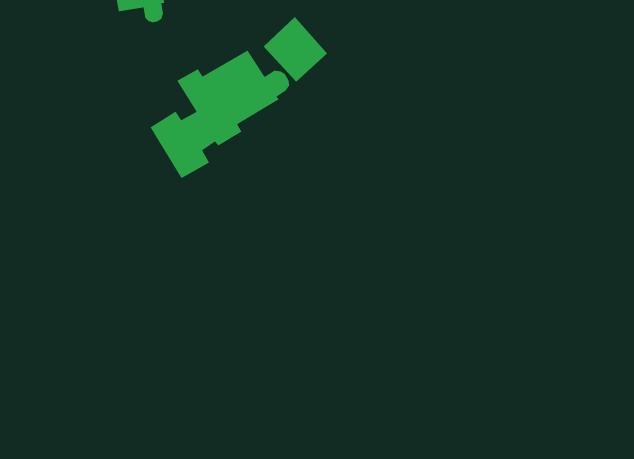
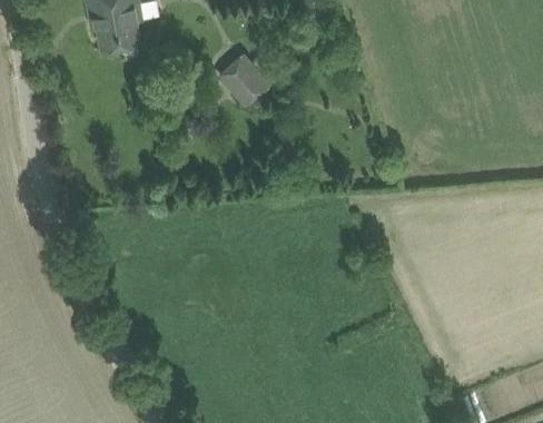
building: [149,50,290,179] -> none

